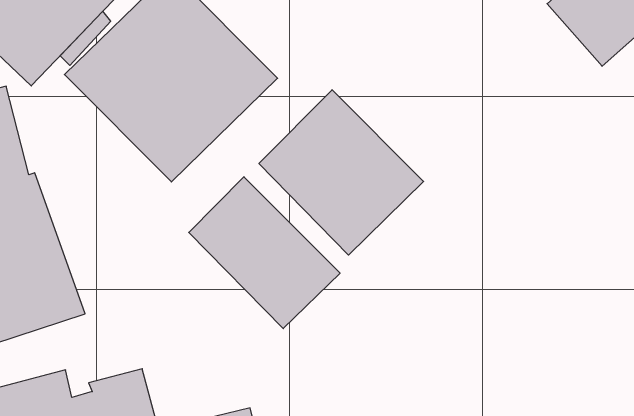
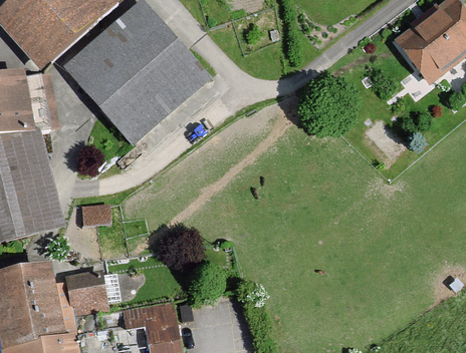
building: [259,90,424,255] -> none
building: [189,177,340,329] -> none

